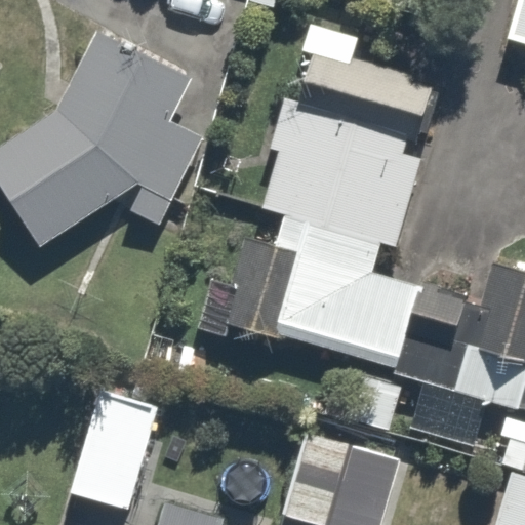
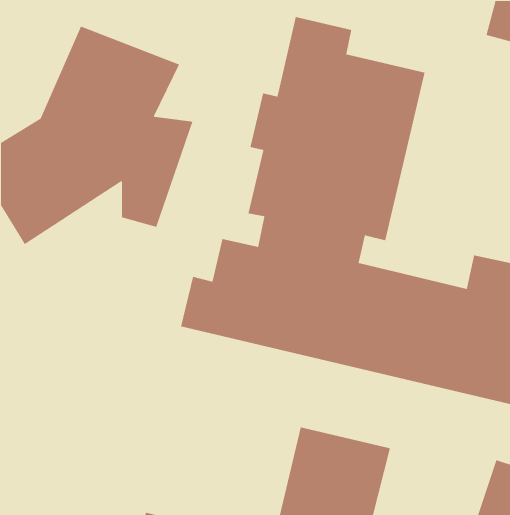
building: [68,389,159,517] -> none

